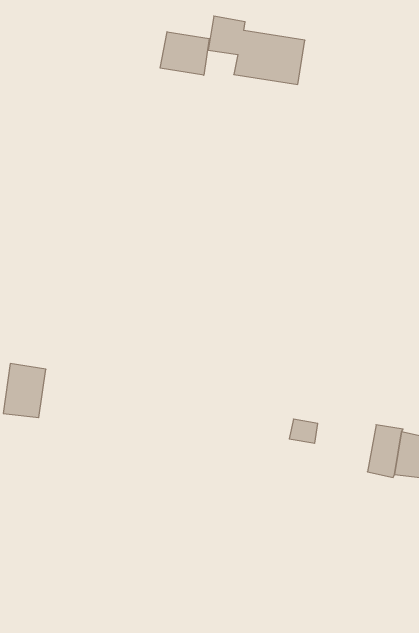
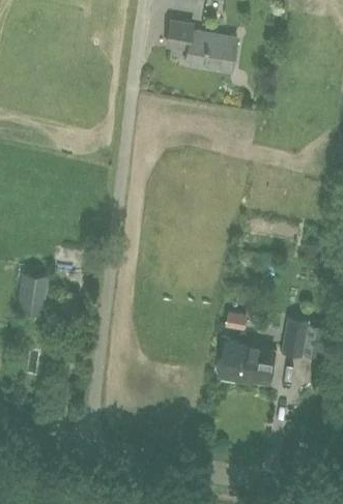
building: [160,32,209,75] -> none
building: none -> [218,343,274,383]

